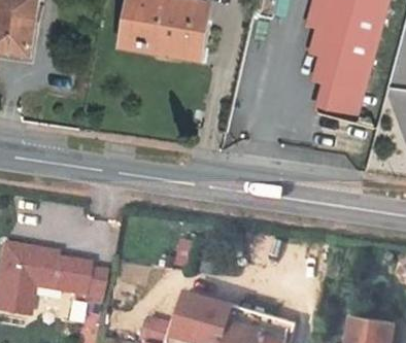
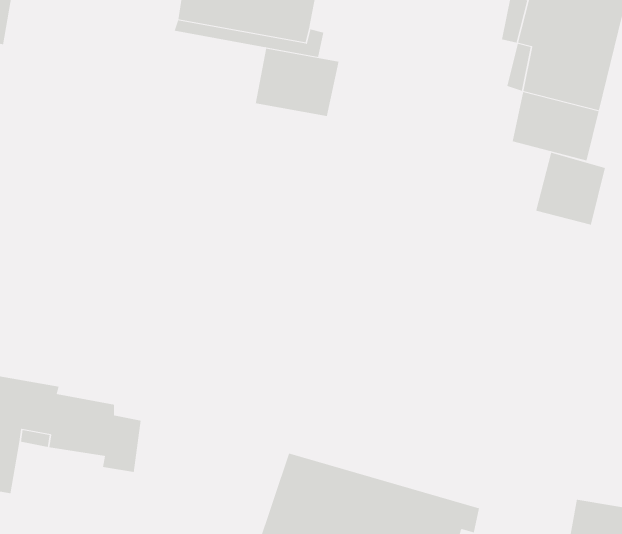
building: none -> [255,48,339,117]
building: none -> [536,152,606,226]

